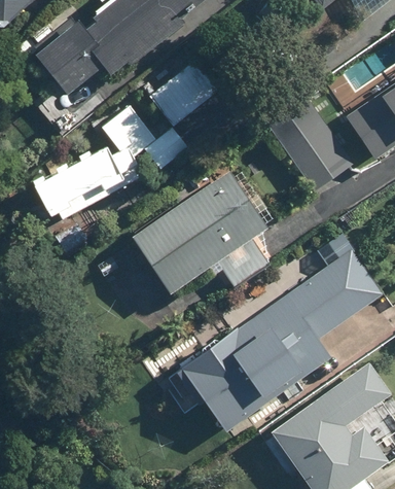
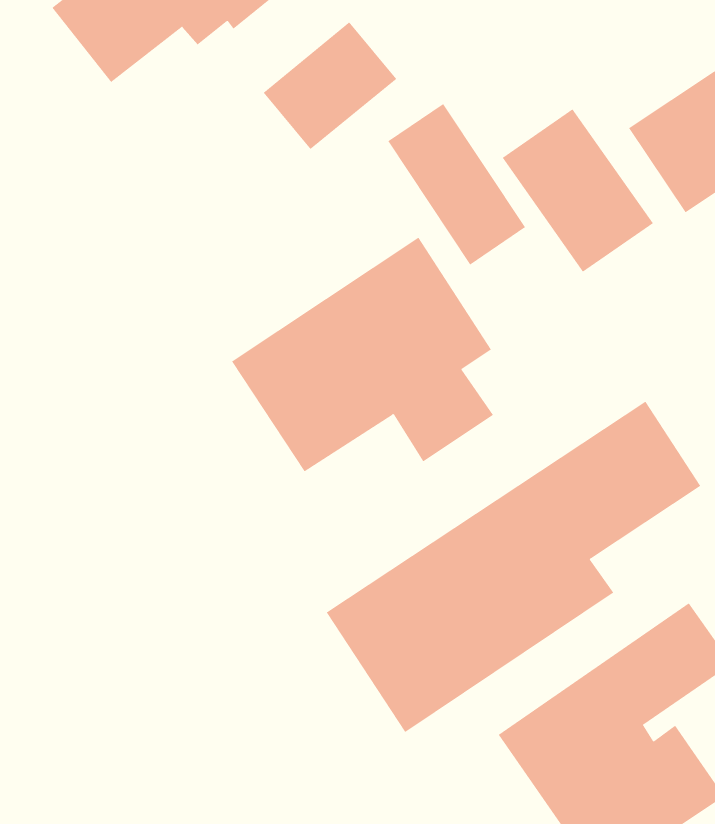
building: none -> [388,103,526,265]
building: [36,104,186,222] -> none

